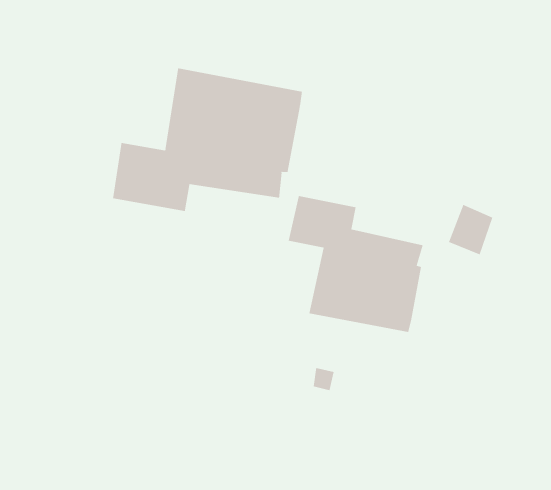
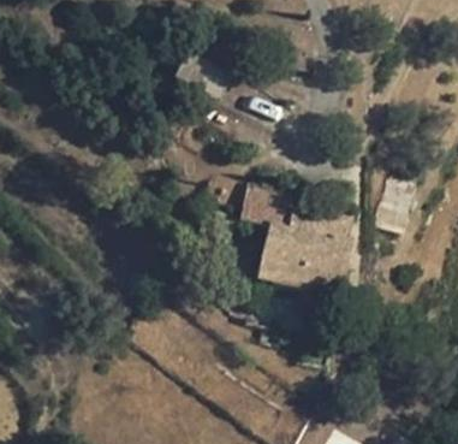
building: [113,68,302,212] -> none

